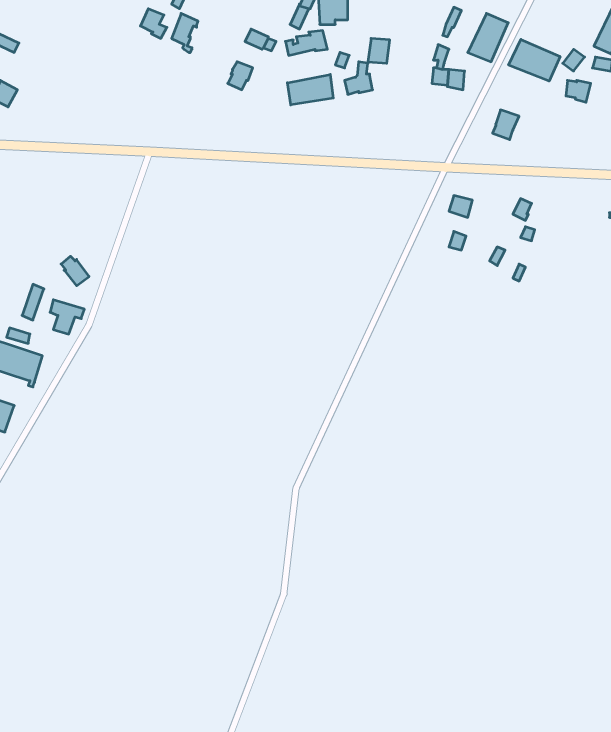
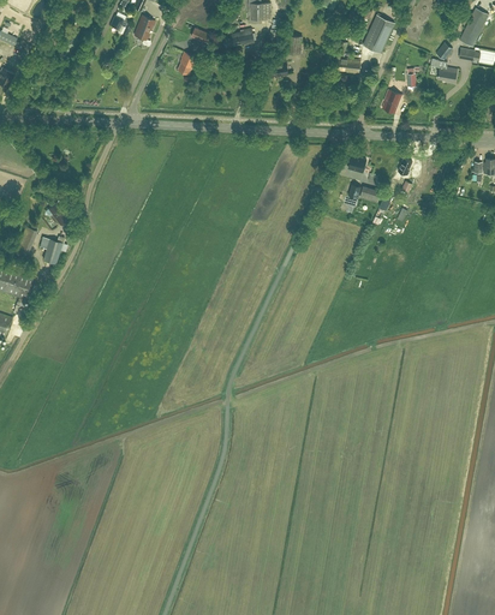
building: [509,39,560,81] -> none
building: [287,74,333,105] -> none

